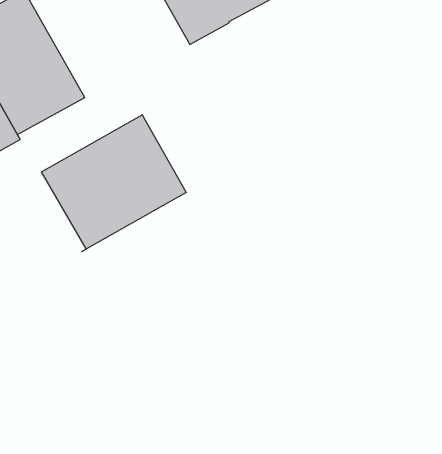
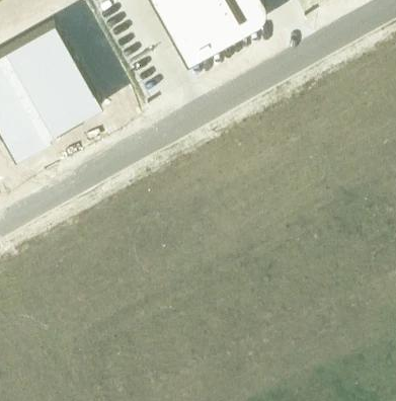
building: [42,115,186,252] -> none

